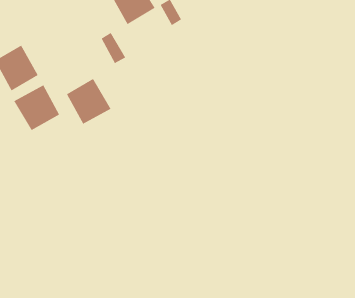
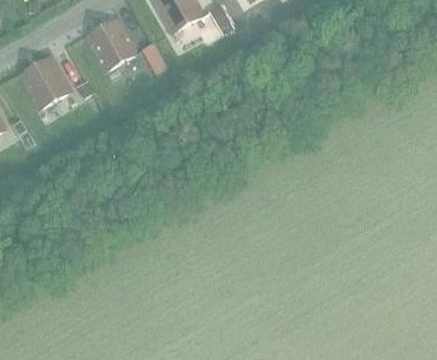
building: [66,78,111,125] -> [85,18,137,71]
building: [14,84,60,131] -> none

